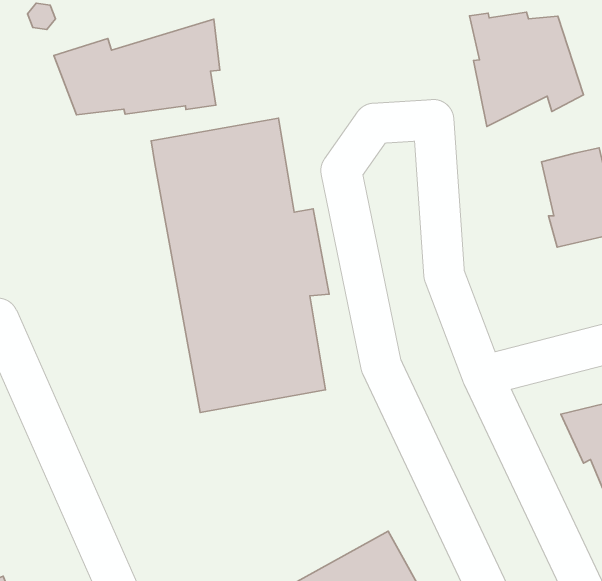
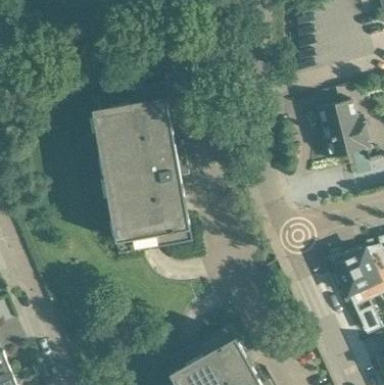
building: [470,12,584,127] -> none
building: [54,19,220,115] -> none

